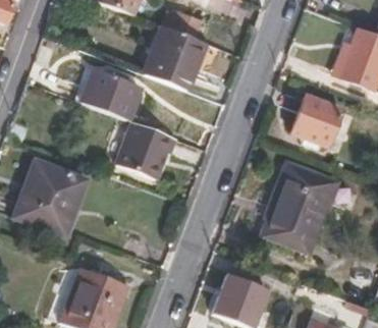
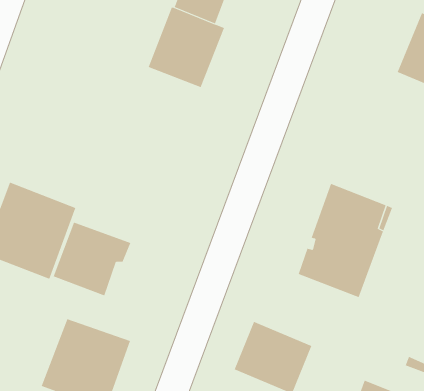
building: [83,68,138,118] -> none
building: [290,95,338,145] -> none
building: [113,120,174,178] -> [53,222,131,296]

